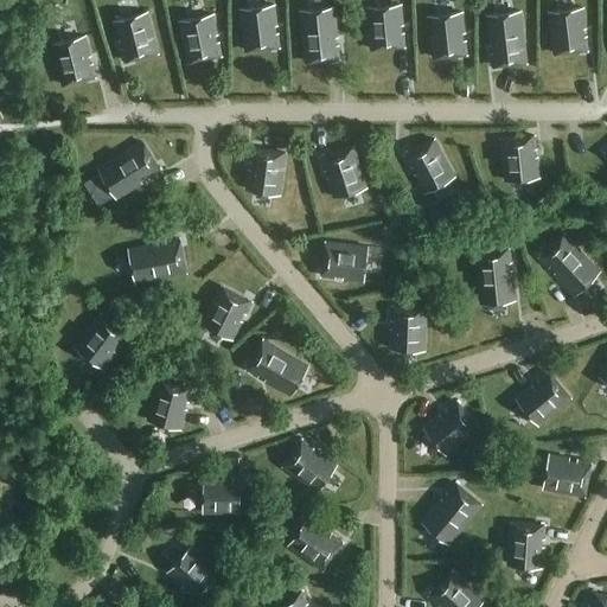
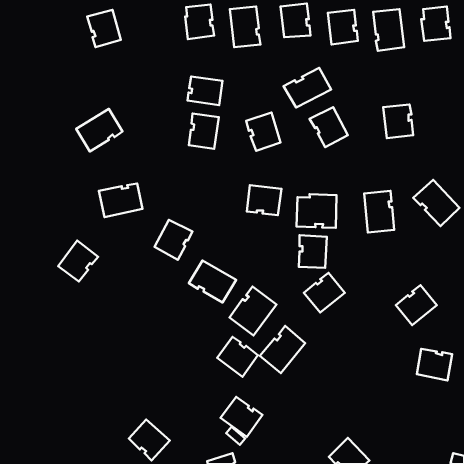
building: [179,15,222,62] -> none
building: [52,37,96,85] -> none
building: none -> [284,68,331,107]
building: none -> [188,76,222,105]
building: none -> [296,194,337,228]
building: none -> [229,286,277,336]
building: [148,379,192,429] -> none
building: [424,402,478,454] -> [304,273,345,313]
building: [204,478,247,515] -> none
building: [422,483,481,544] -> [260,326,305,373]
building: [507,523,545,567] -> none

